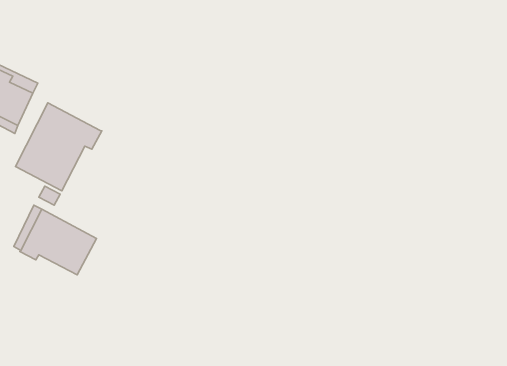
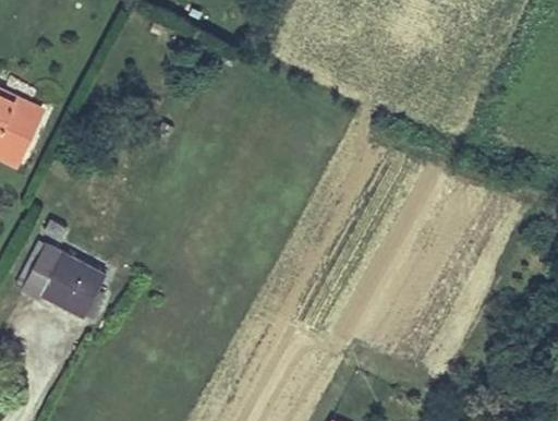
building: [15,103,102,191] -> none

